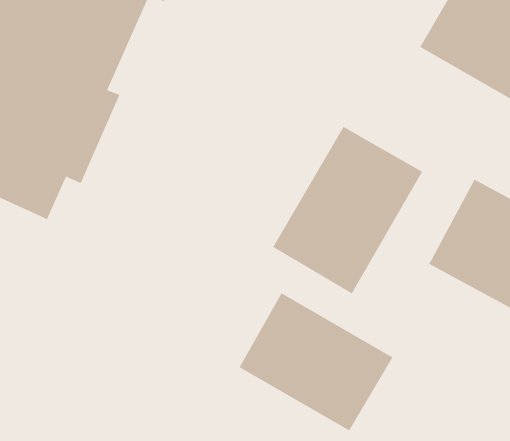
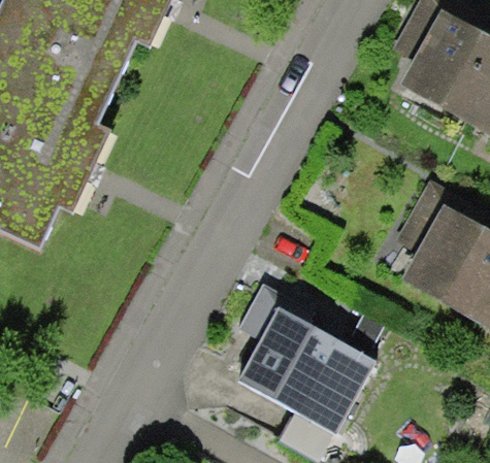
building: [272,126,423,294] -> none

